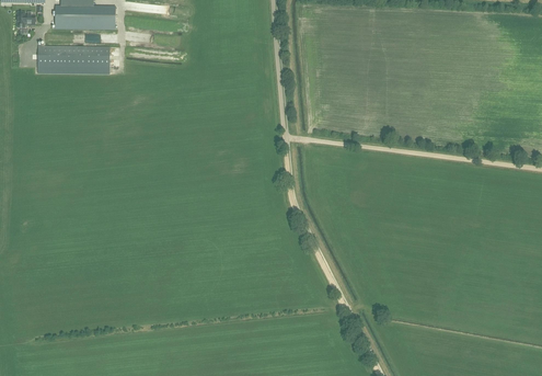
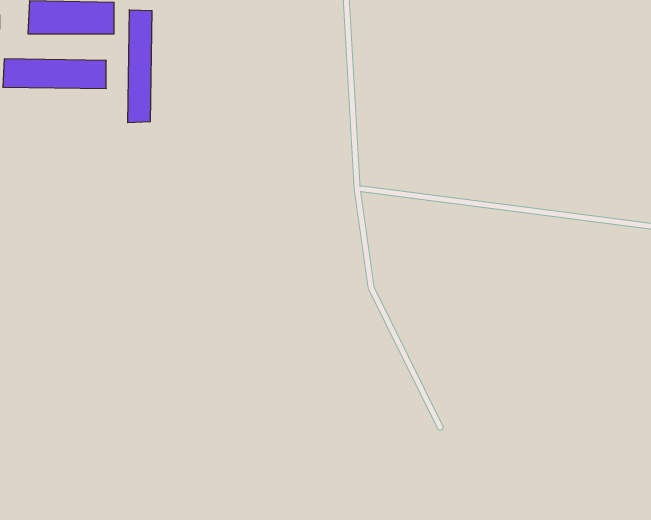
building: none -> [128,10,152,123]

